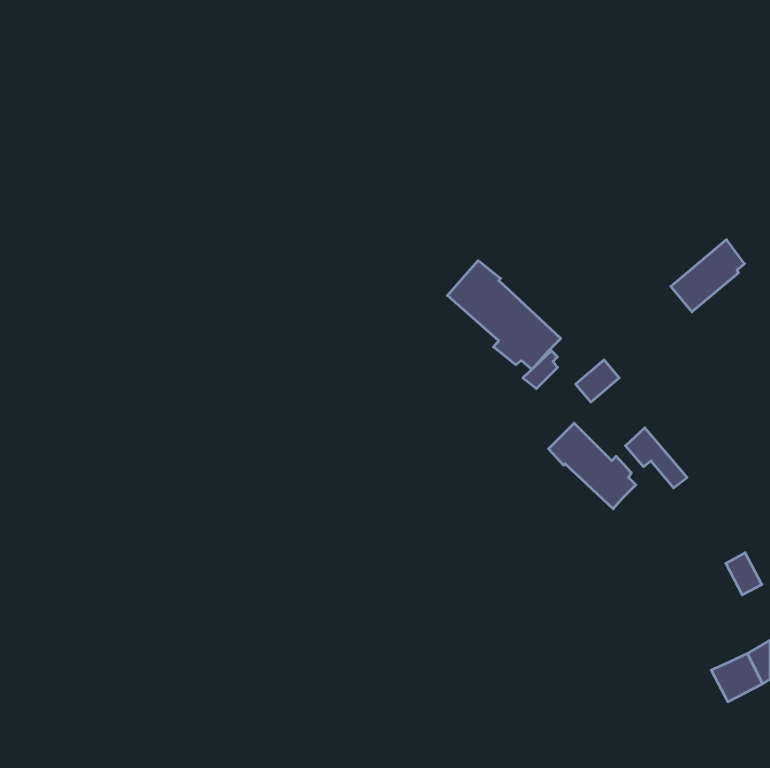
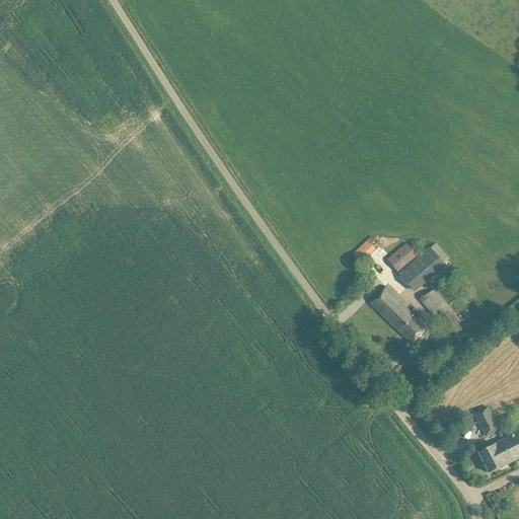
building: [671,240,745,312] -> [399,242,449,291]
building: [447,261,561,370] -> none
building: [726,553,762,595] -> [474,406,499,435]

